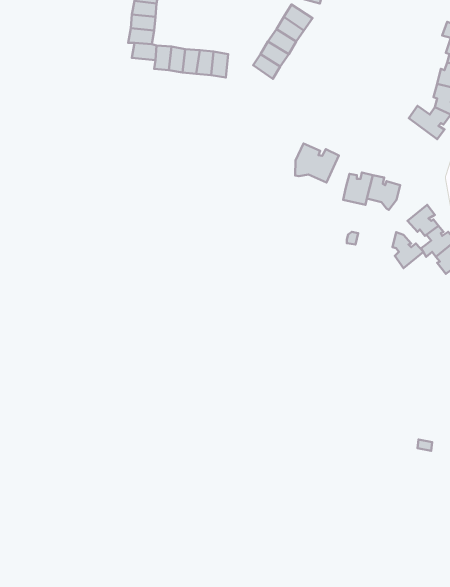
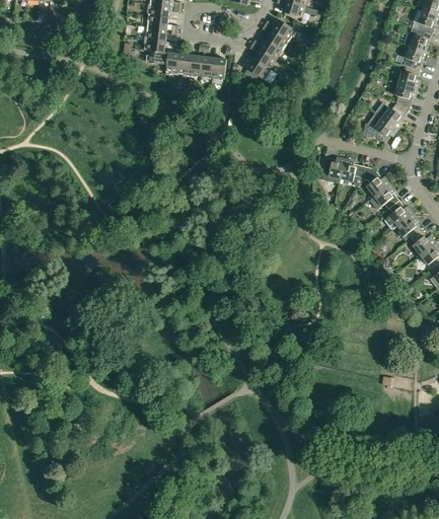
building: none -> [362,112,397,142]
building: [295,144,339,182] -> none
building: [392,232,423,268] -> [364,166,389,196]

